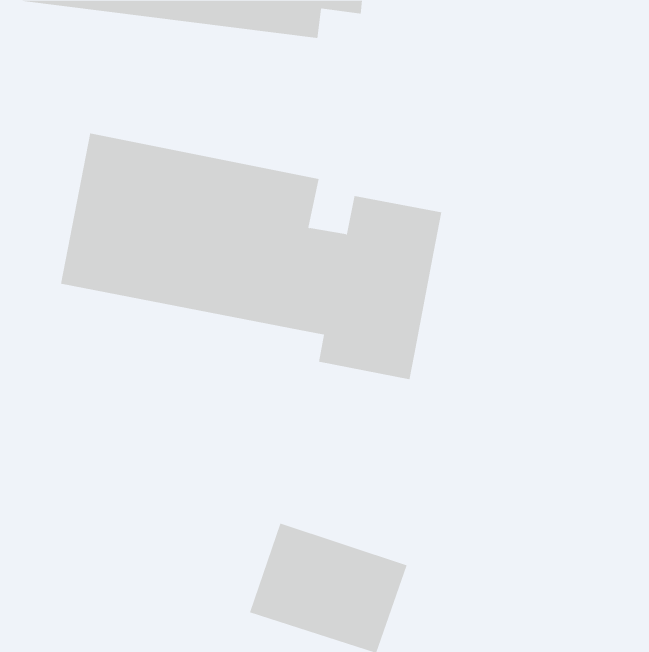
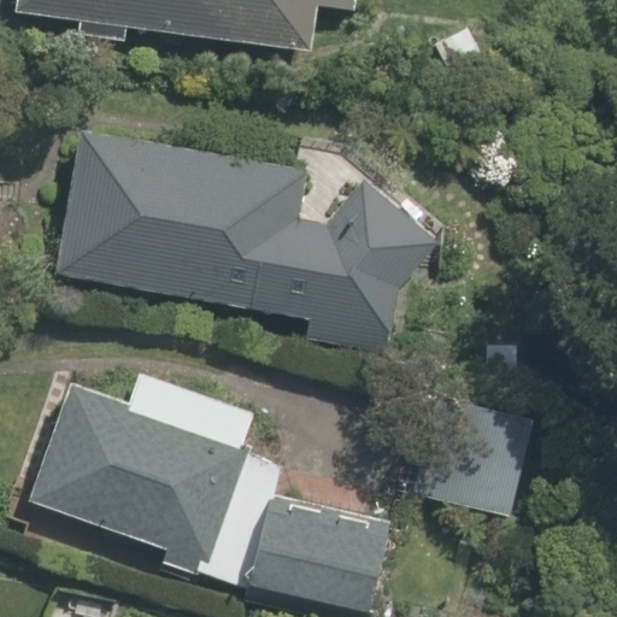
building: none -> [29,383,237,566]
building: none -> [425,388,528,512]

